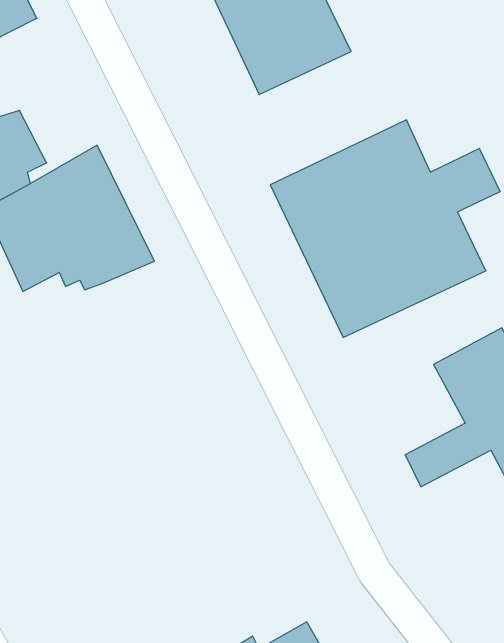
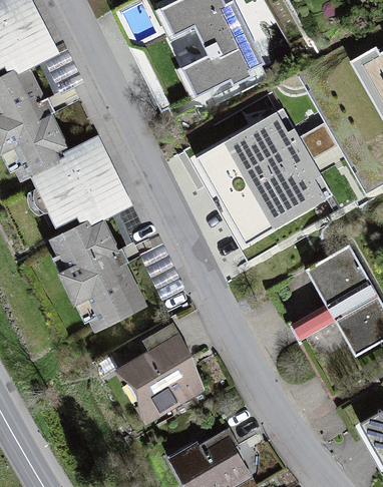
building: none -> [43,215,142,328]
building: none -> [114,320,208,417]

